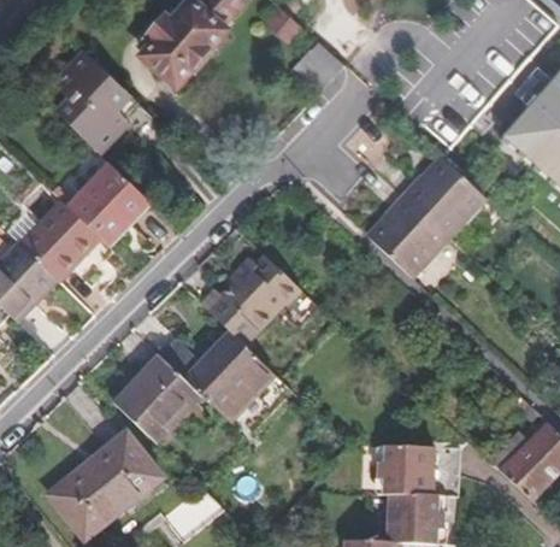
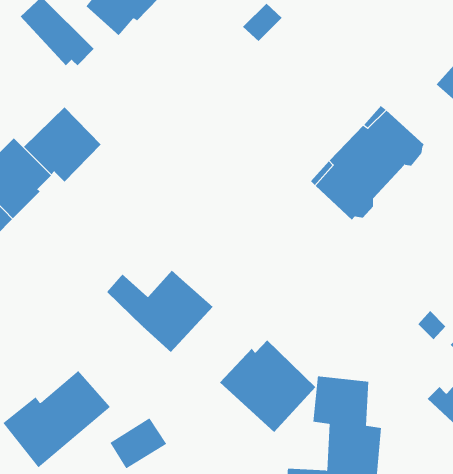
building: [59,66,122,145] -> none
building: [194,252,285,341] -> none
building: [113,354,195,439] -> none
building: none -> [219,340,316,433]

